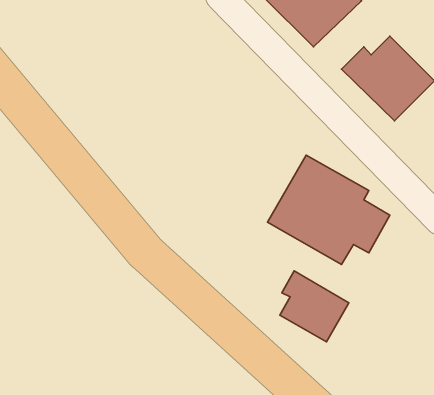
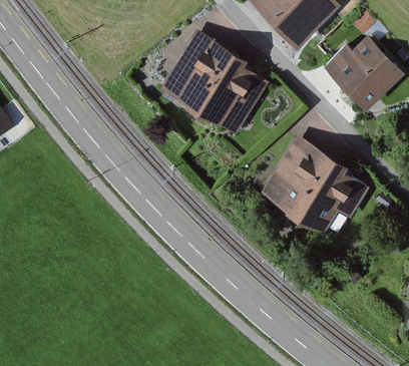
building: none -> [158,29,267,133]
building: [280,271,349,342] -> none

